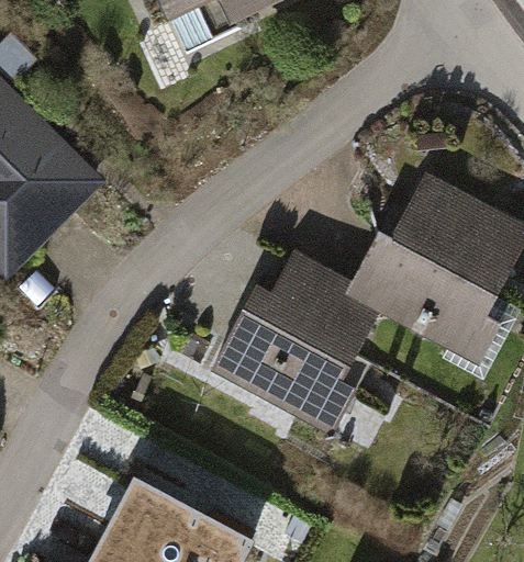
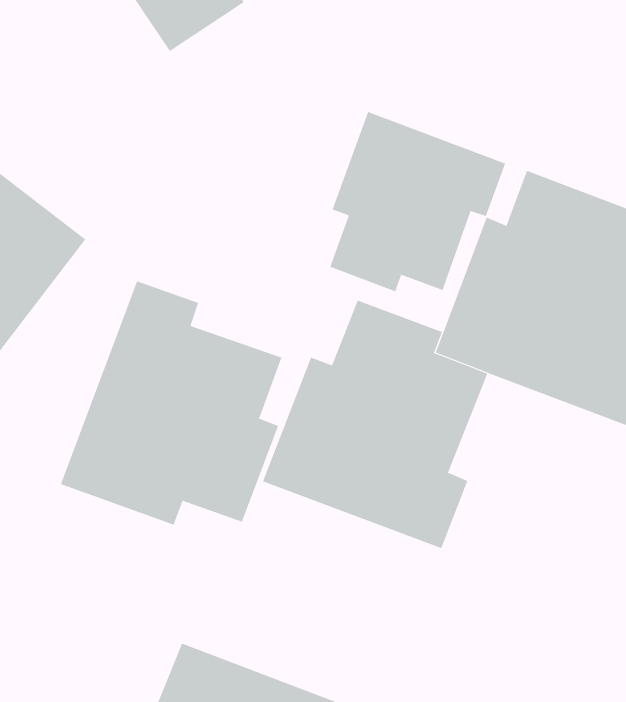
building: none -> [330,111,506,292]
building: none -> [60,280,282,526]

